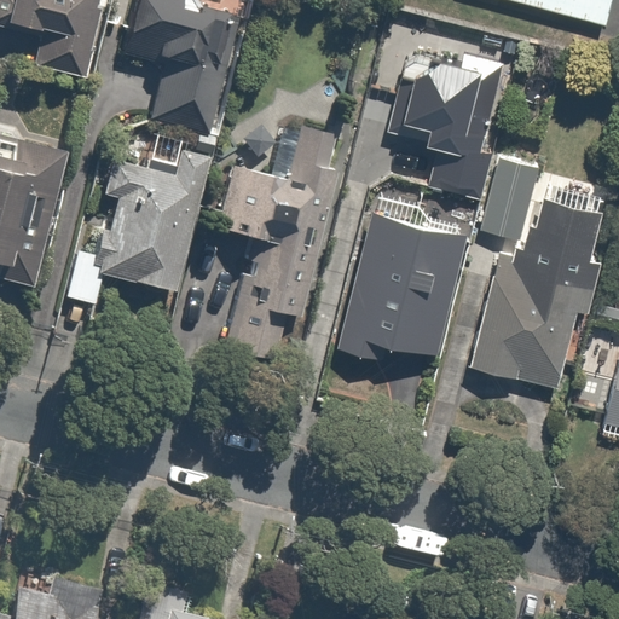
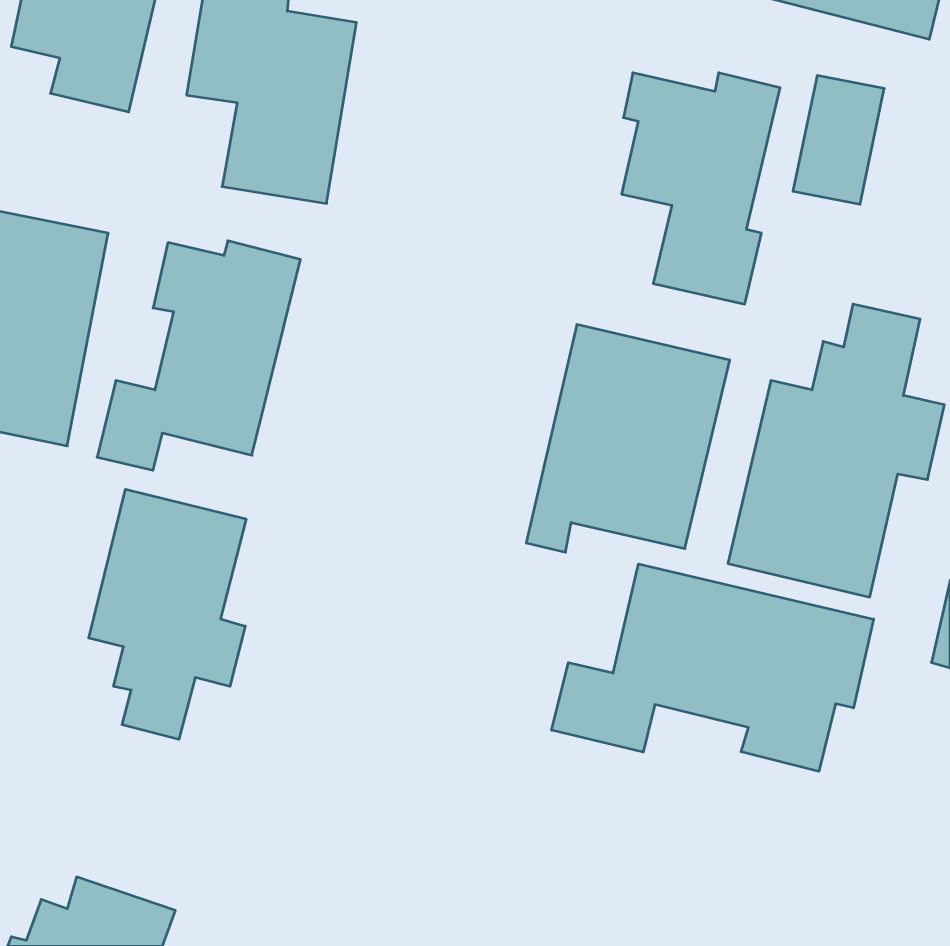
building: [221,125,343,361] -> none
building: [480,155,539,238] -> [793,76,884,204]
building: none -> [89,489,246,739]
building: none -> [552,564,874,771]

